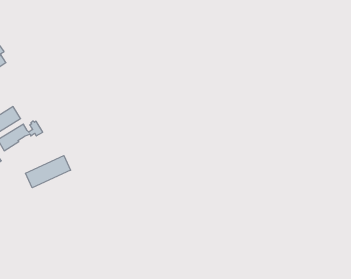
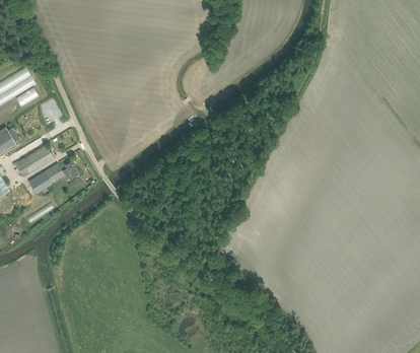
building: [26,156,71,188] -> none

